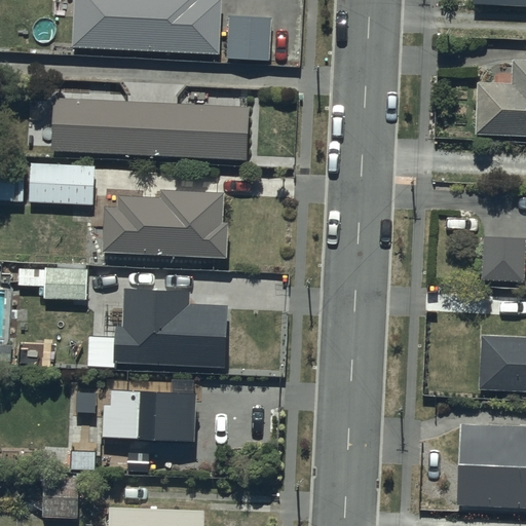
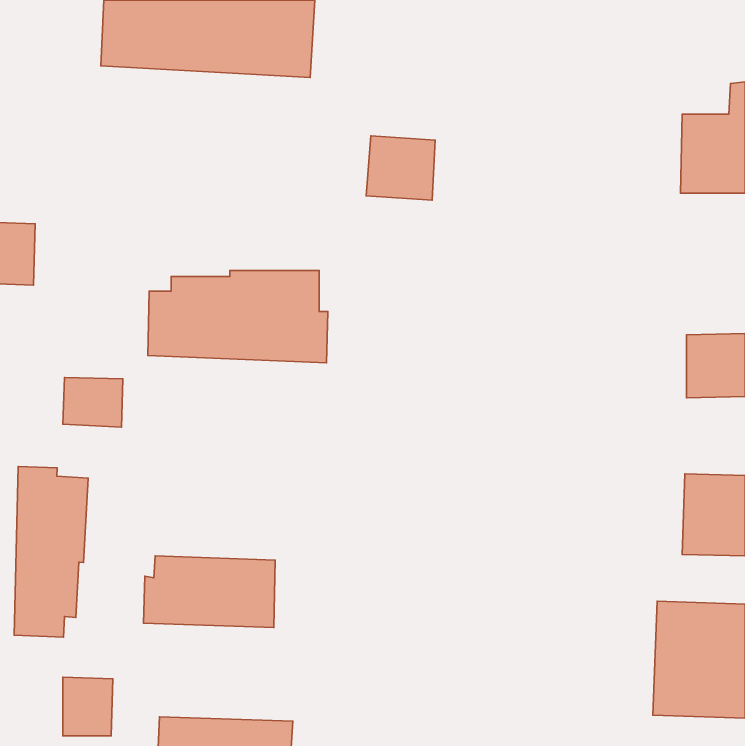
building: [225,15,273,61] -> [366,136,435,200]
building: [52,98,250,157] -> none
building: [28,162,96,209] -> none
building: [89,289,229,367] -> none
building: none -> [14,466,88,637]

